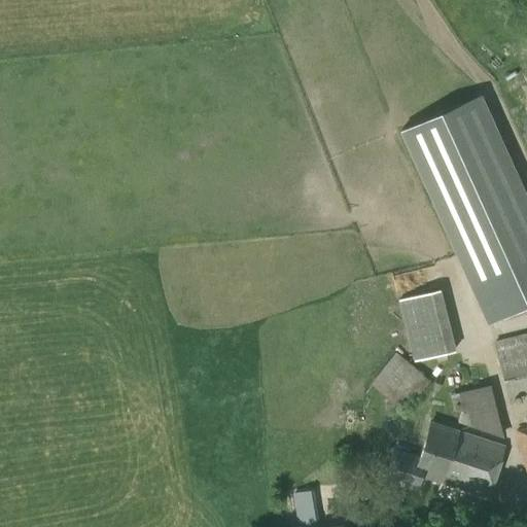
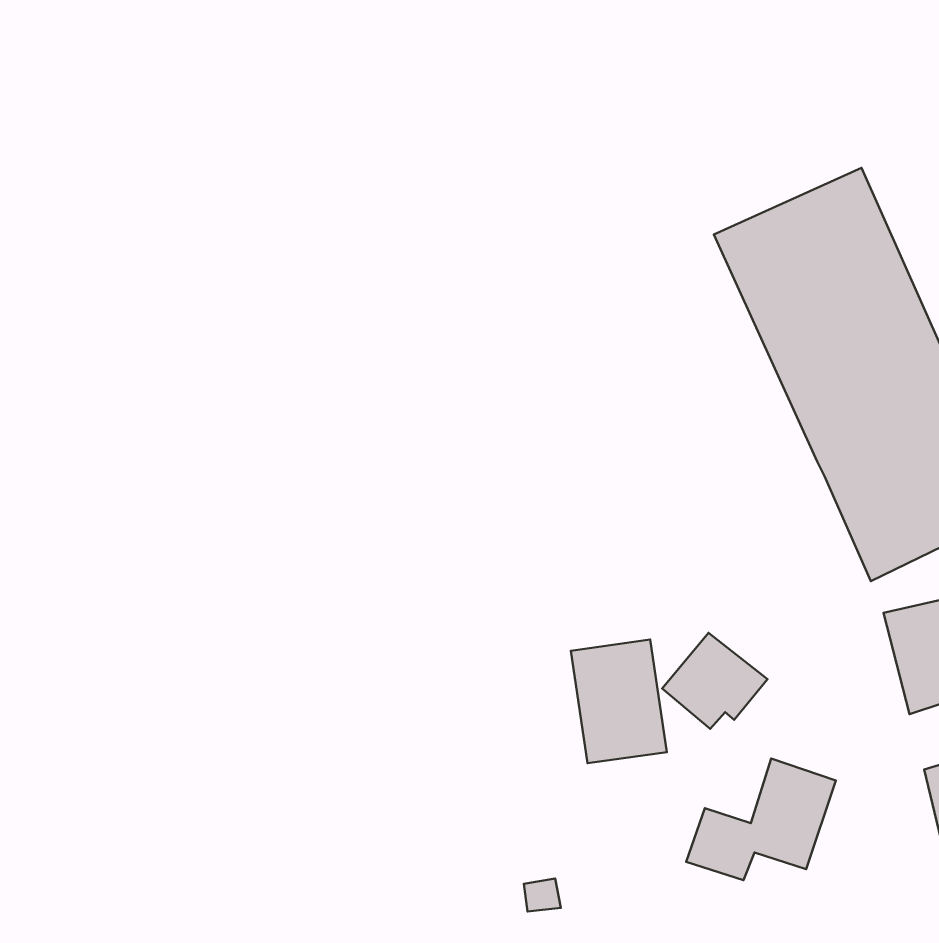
building: [403,290,457,359] -> [571,640,667,763]
building: [452,384,508,437] -> none
building: [452,435,505,497] -> none

